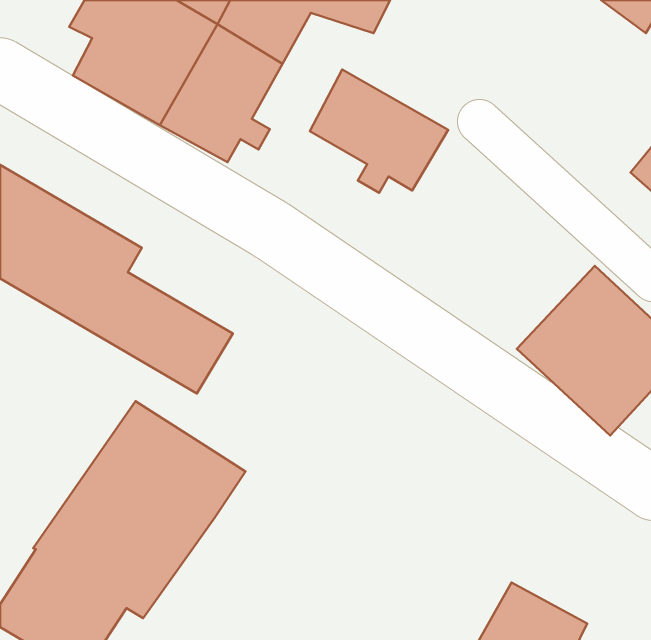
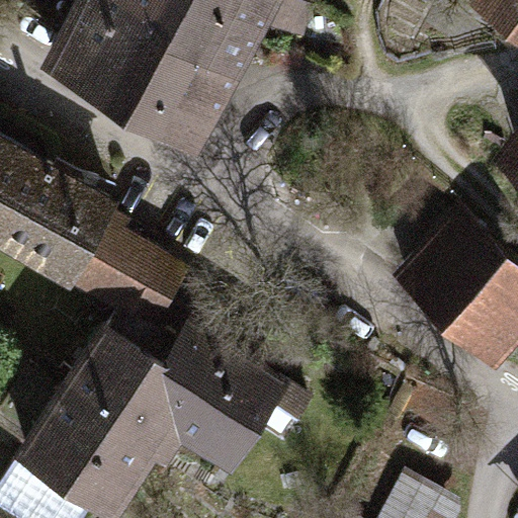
building: [310,70,448,193] -> none
building: none -> [172,340,310,458]

